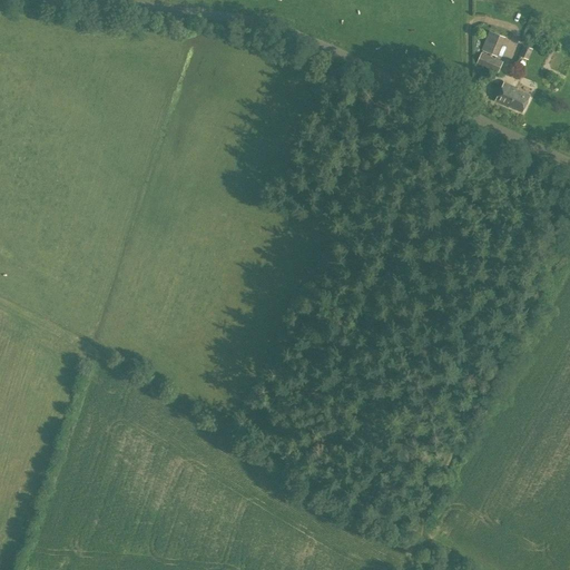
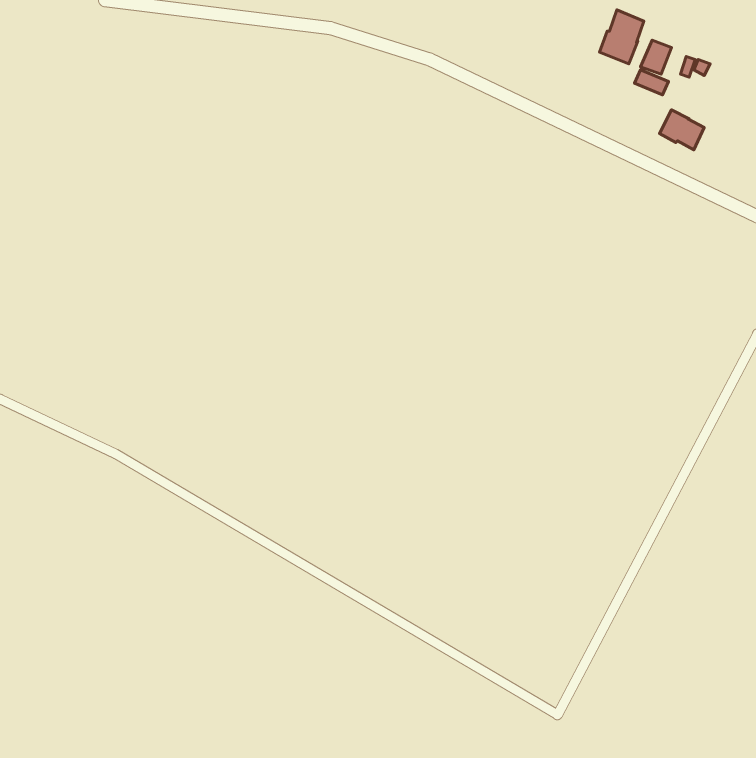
building: none -> [600,10,644,64]

